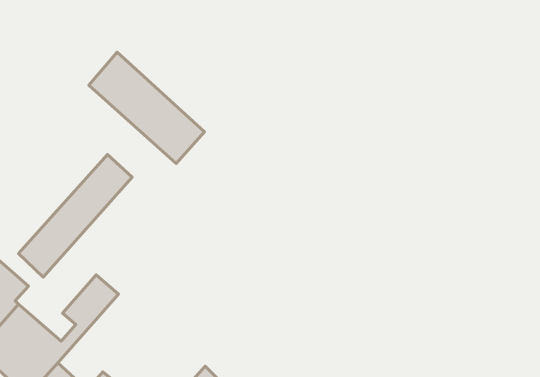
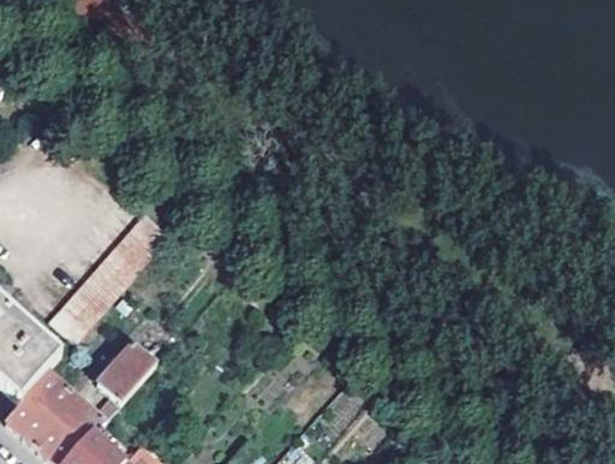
building: [89,52,204,164] -> none

